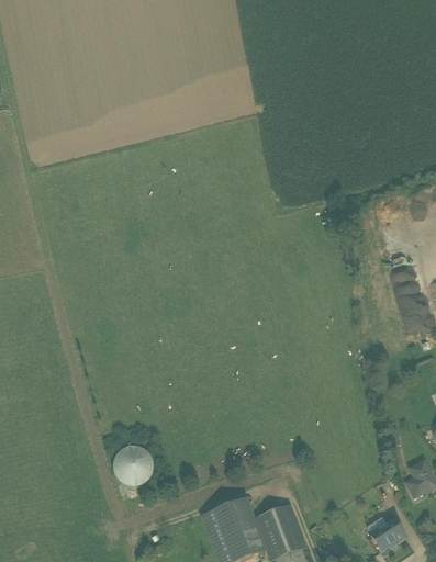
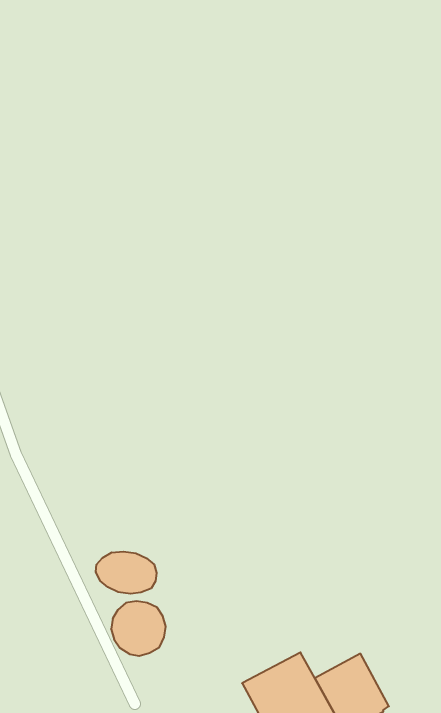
building: none -> [96,552,157,594]

